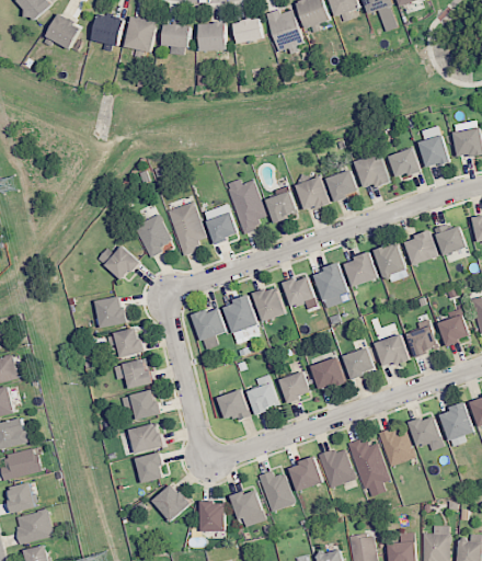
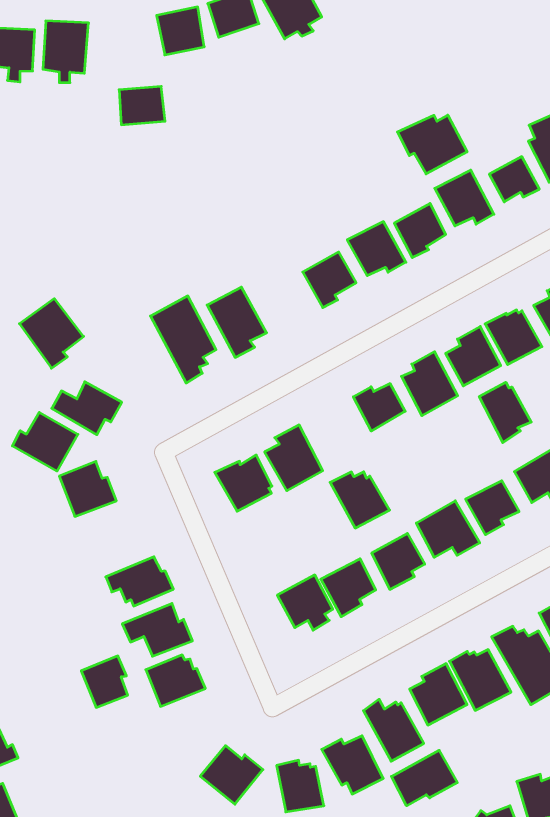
building: [162,25,191,49] -> [119,86,165,125]
building: none -> [397,115,467,174]
building: [226,179,264,234] -> none
building: [133,214,171,256] -> [19,299,84,368]
building: none -> [12,412,78,471]
building: [251,286,285,321] -> [330,472,390,528]
building: none -> [479,382,531,443]
building: [106,325,144,356] -> none
building: [136,451,163,481] -> [81,656,128,707]
building: none -> [391,750,457,806]

